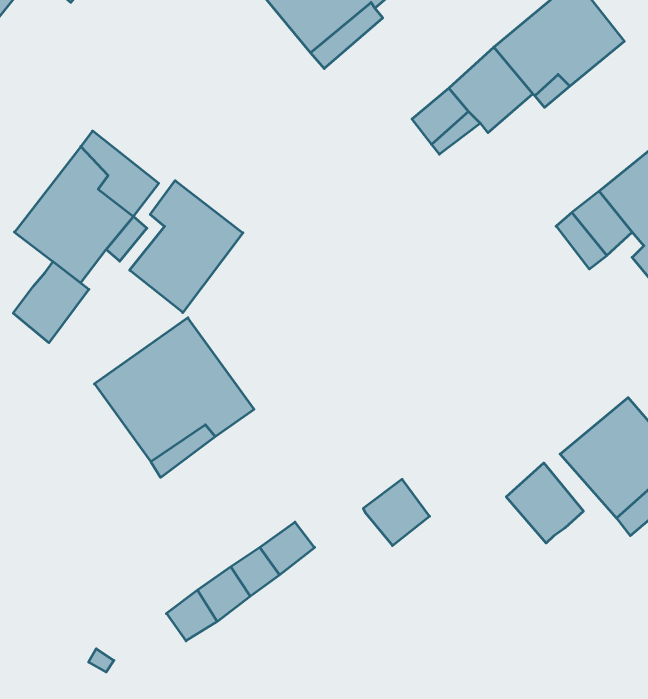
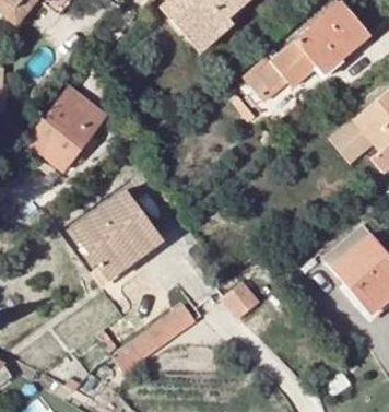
building: [130,181,243,313] -> none
building: [13,262,89,343] -> none
building: [506,463,583,543] -> none

